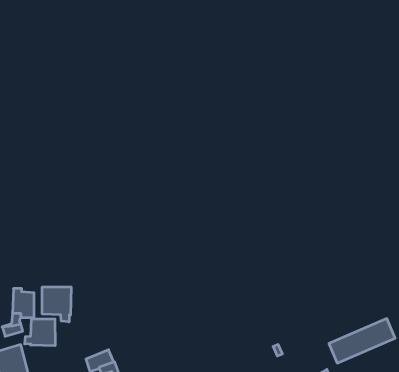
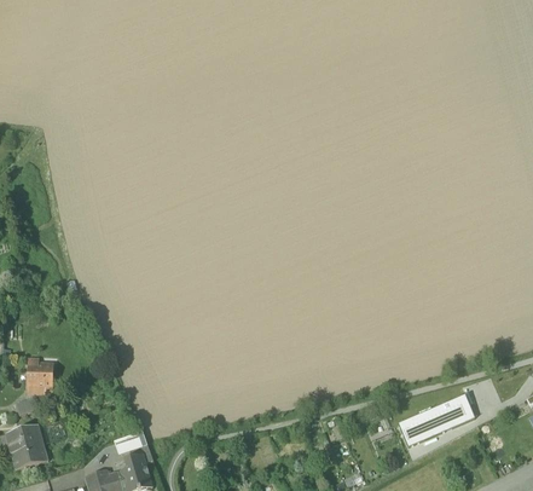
building: [42,287,71,322] -> none
building: [25,319,55,346] -> none

